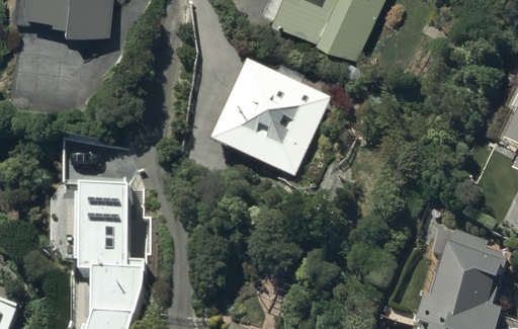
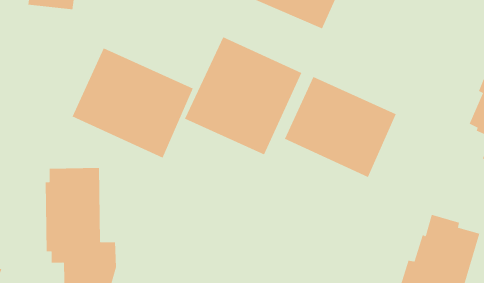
building: none -> [72,47,194,158]
building: none -> [284,76,396,178]

